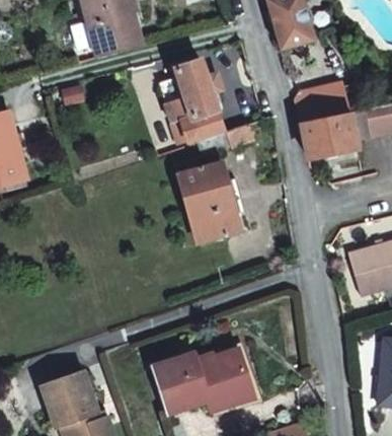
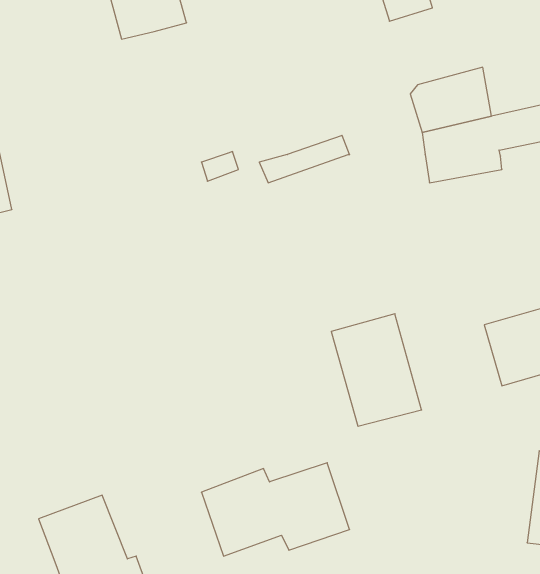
building: [167,59,225,142] -> none
building: [178,163,240,240] -> [331,314,422,426]

